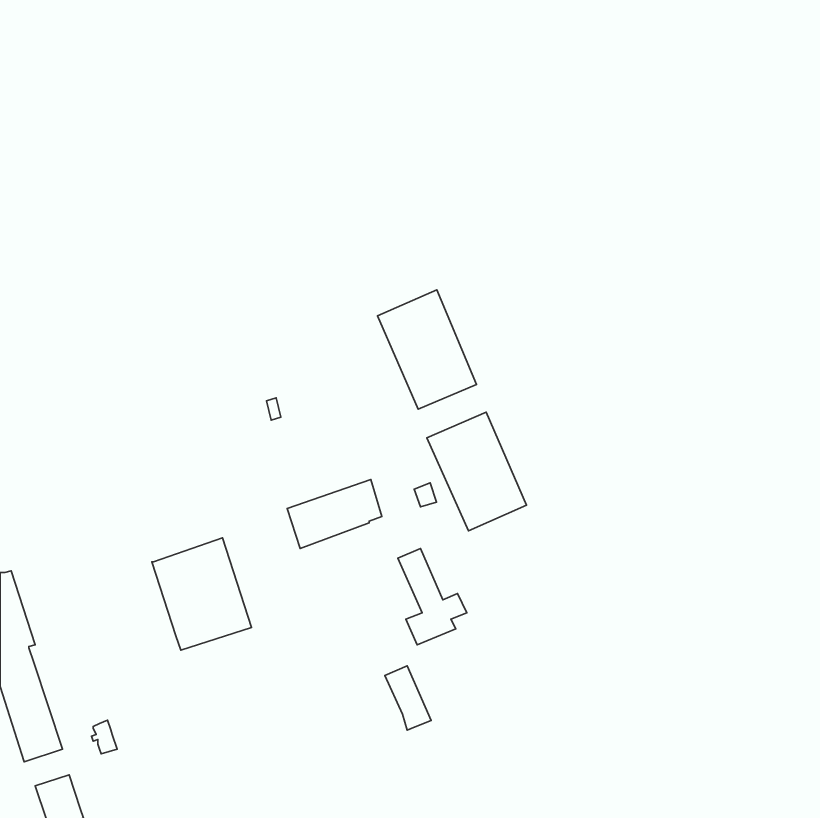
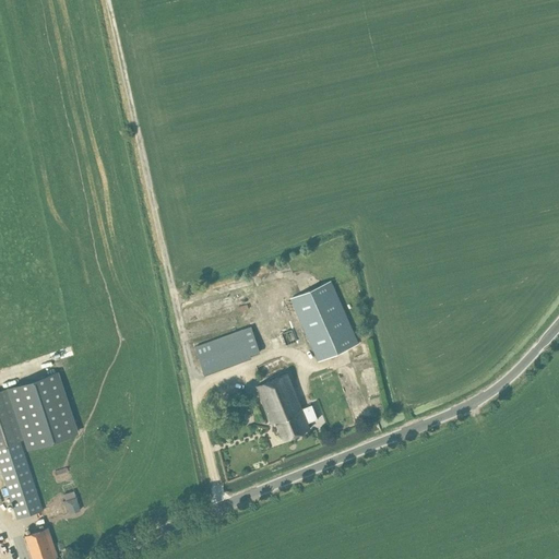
building: [377,290,476,409] -> none
building: [152,538,251,650] -> [8,373,75,450]
building: [385,666,431,730] -> [255,381,287,425]

